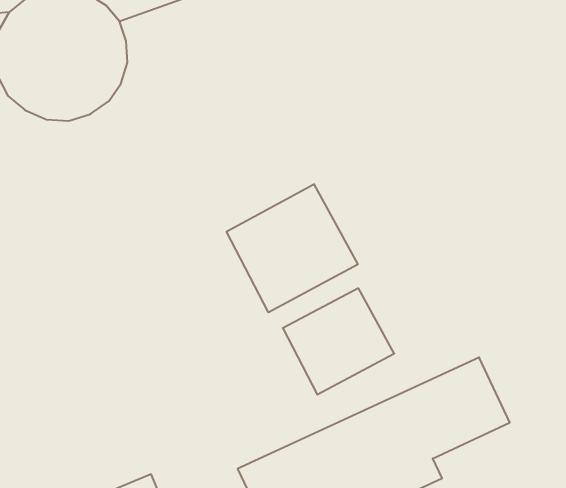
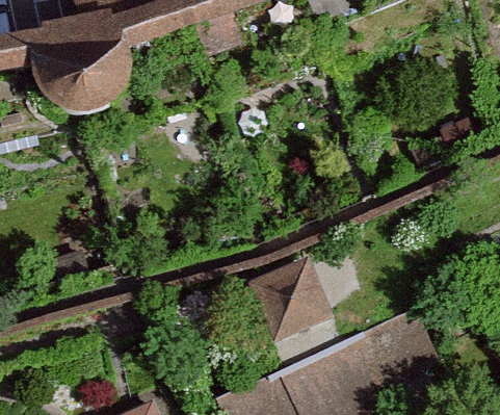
building: [227,184,358,312] -> none

